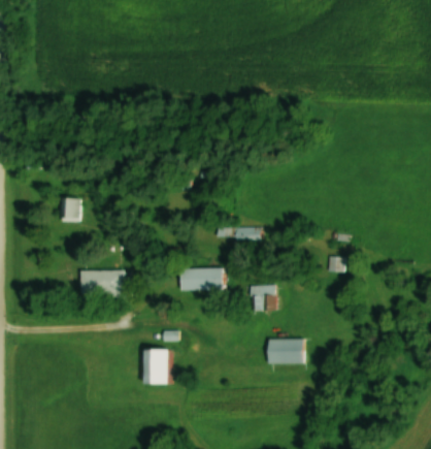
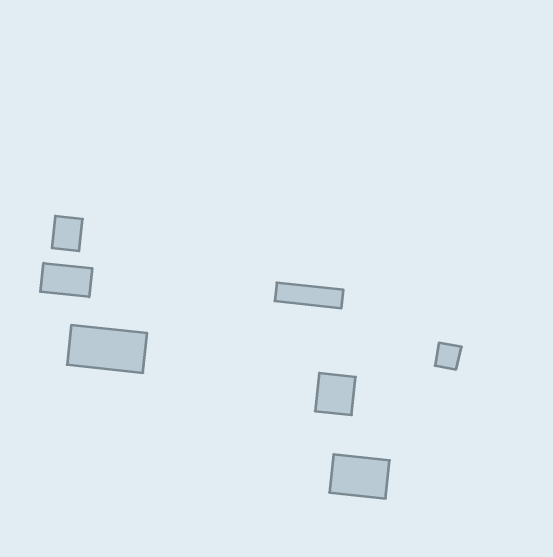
building: none -> [40,263,92,297]
building: [180,268,224,290] -> none
building: [142,349,167,385] -> none

